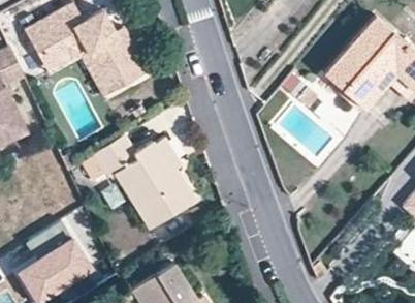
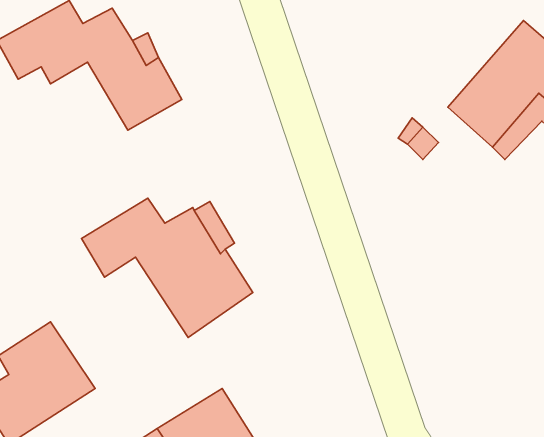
building: [38,46,111,95] -> none

